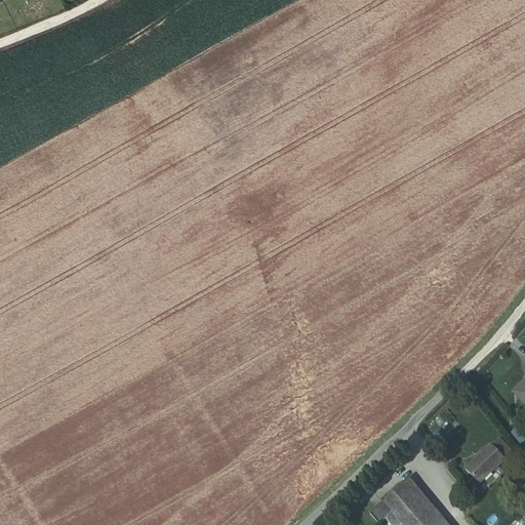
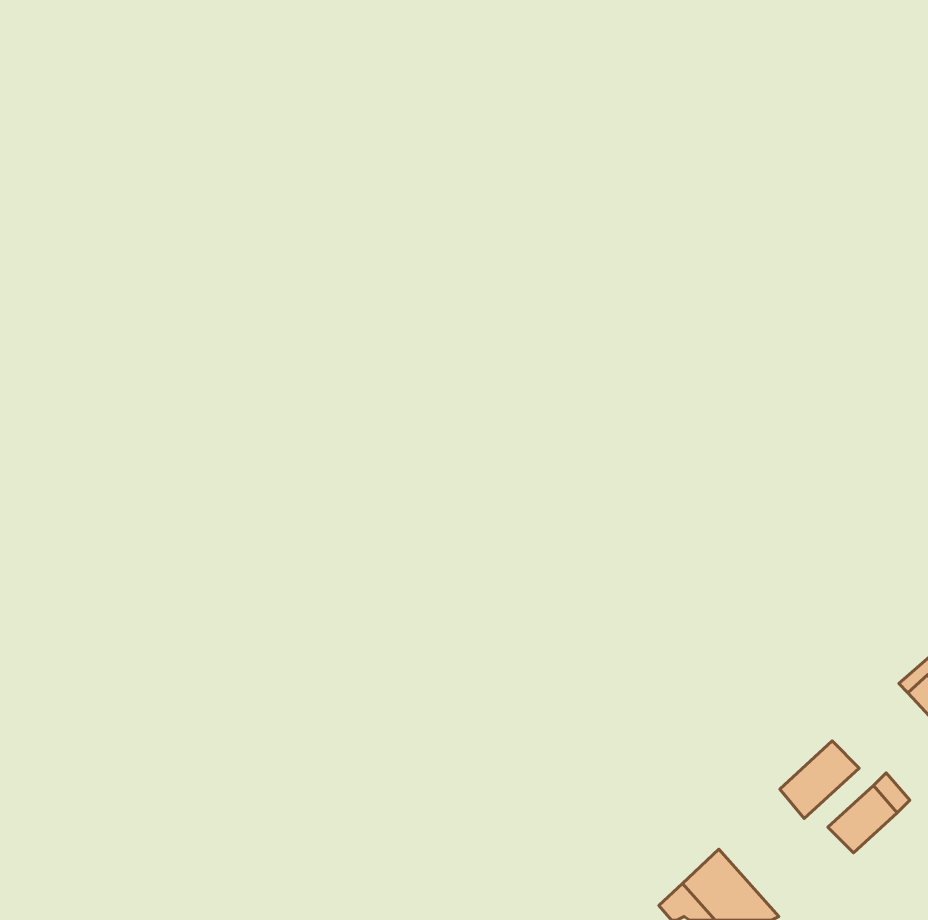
building: none -> [780,741,859,819]

